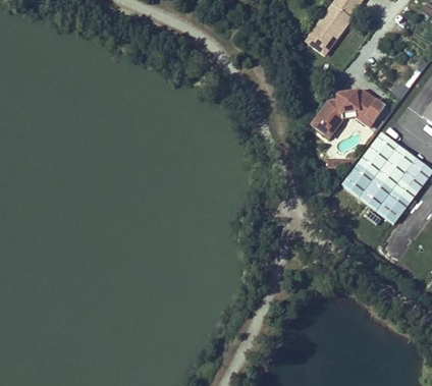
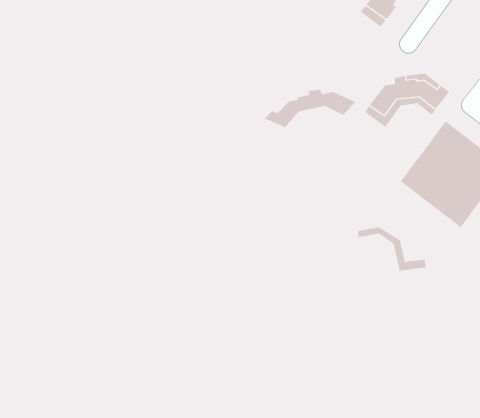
building: none -> [264,89,356,128]
building: none -> [357,227,427,272]

